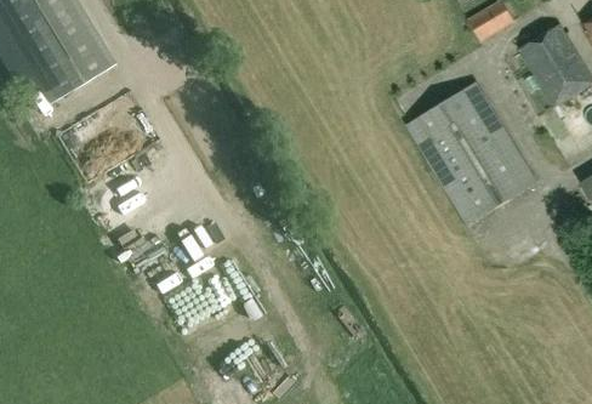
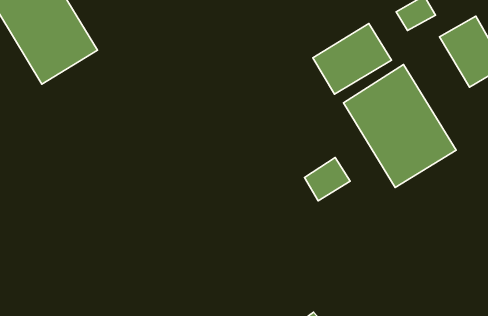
building: none -> [313,23,391,94]
building: none -> [304,157,350,201]

